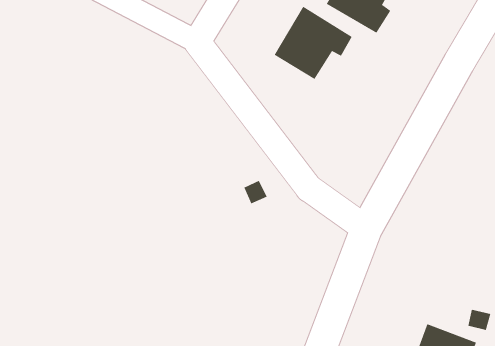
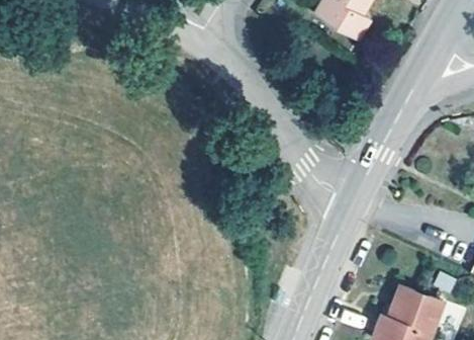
building: [274,6,353,80] -> none

